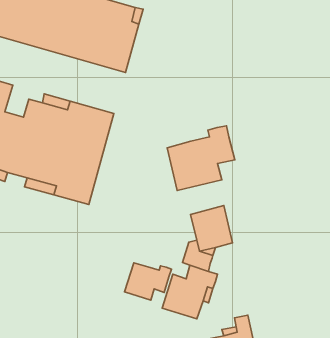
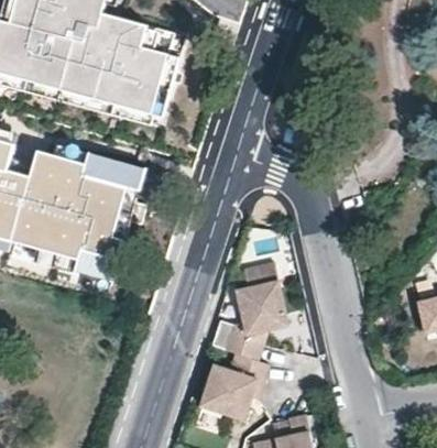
building: [167,126,235,191] -> none
building: [124,263,171,300] -> none

